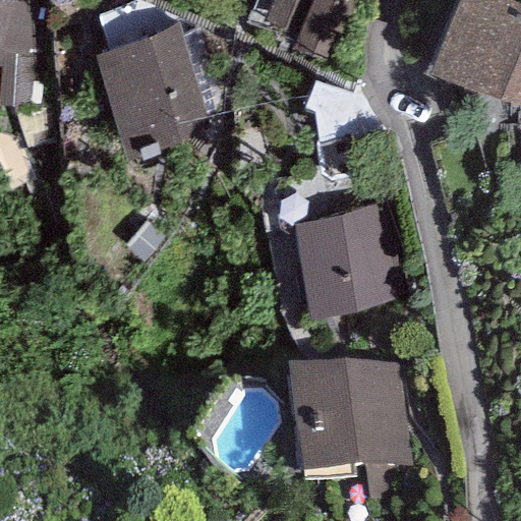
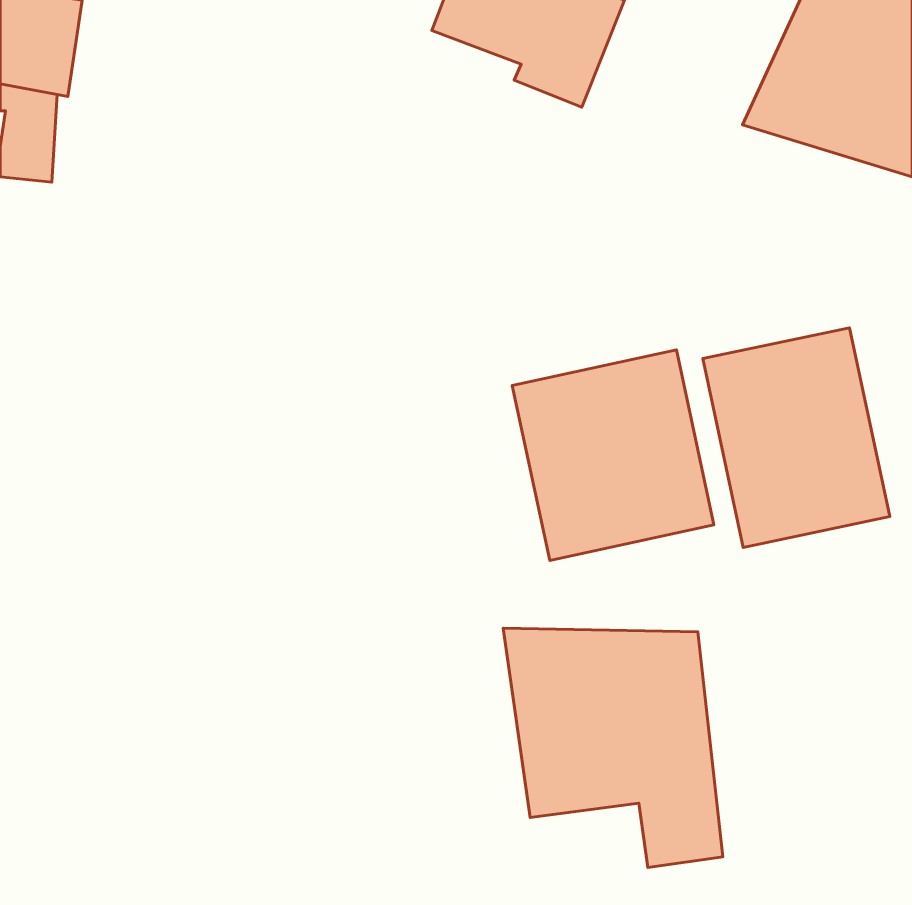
building: [94,23,211,156] -> none
building: none -> [703,328,890,547]

